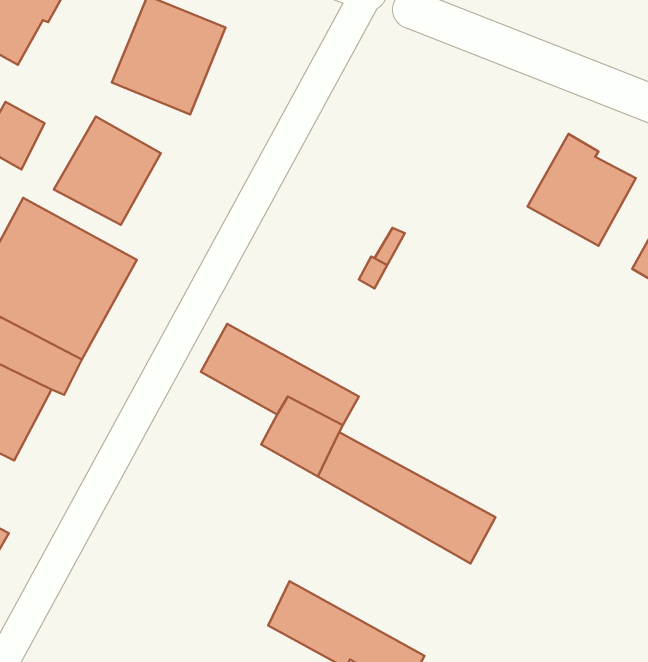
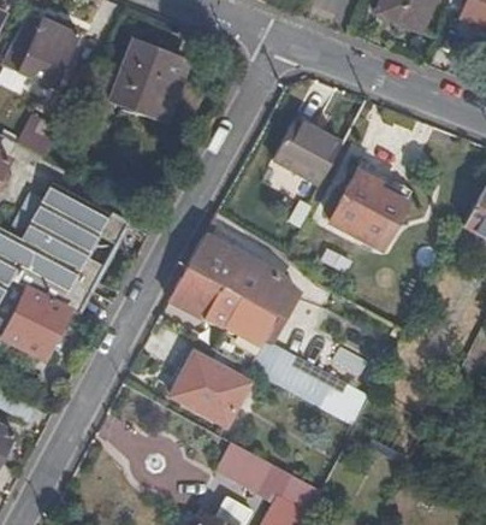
building: none -> [271,116,342,183]
building: [54,116,161,225] -> none
building: [528,134,636,246] -> [328,170,402,246]
building: none -> [189,234,291,314]
building: none -> [172,352,251,425]

